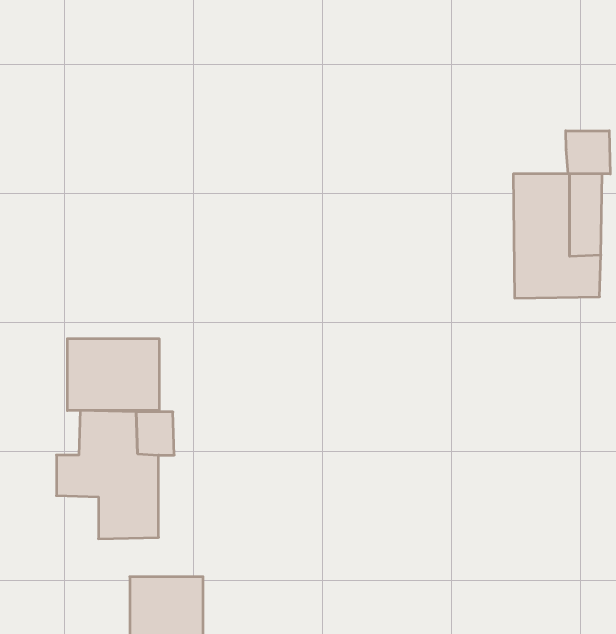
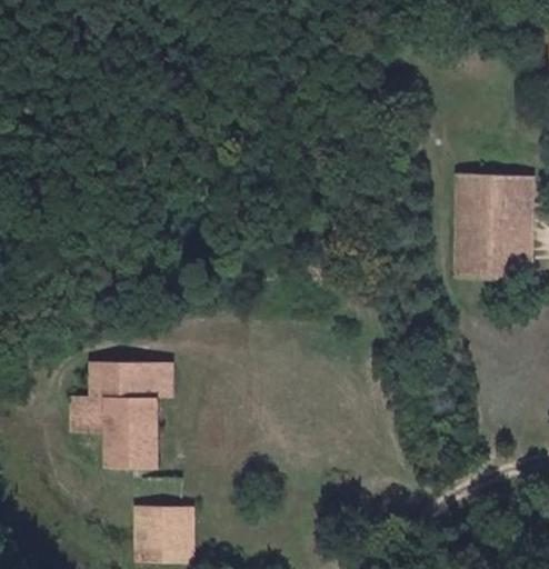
building: [566,131,610,174] -> none
building: [67,339,159,411] -> none

